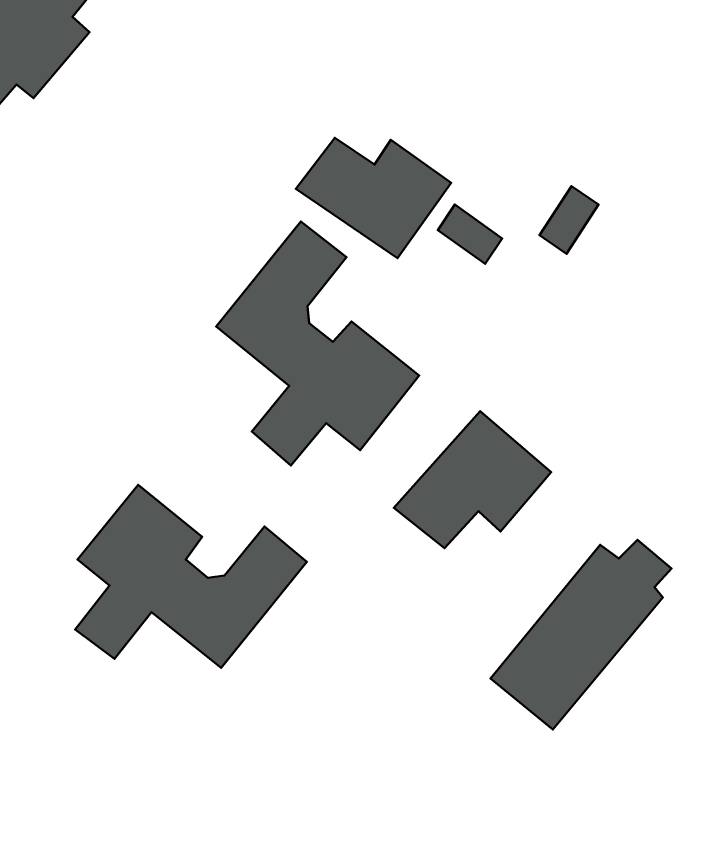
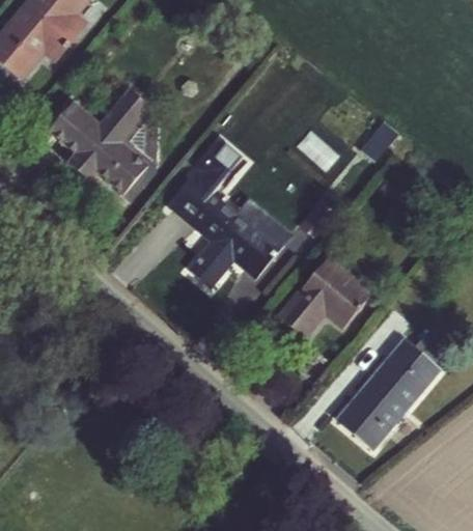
building: [296,138,451,258] -> none
building: none -> [48,89,151,196]
building: [75,485,307,668] -> none

